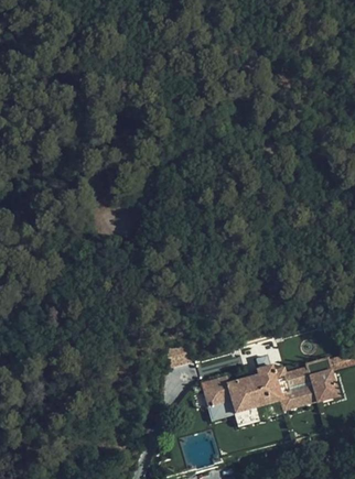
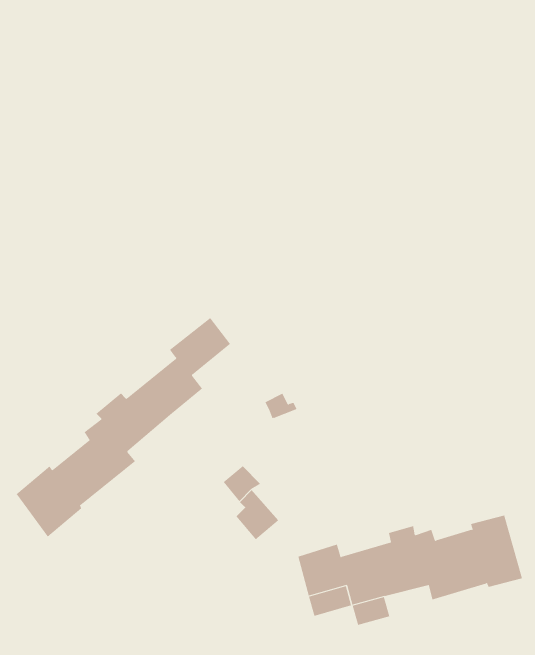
building: none -> [16,317,231,538]

